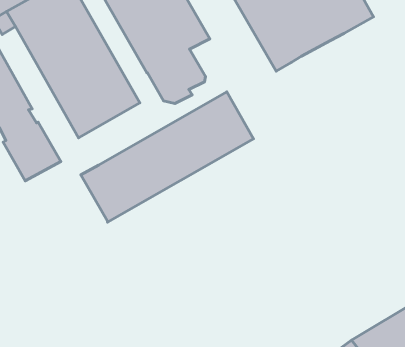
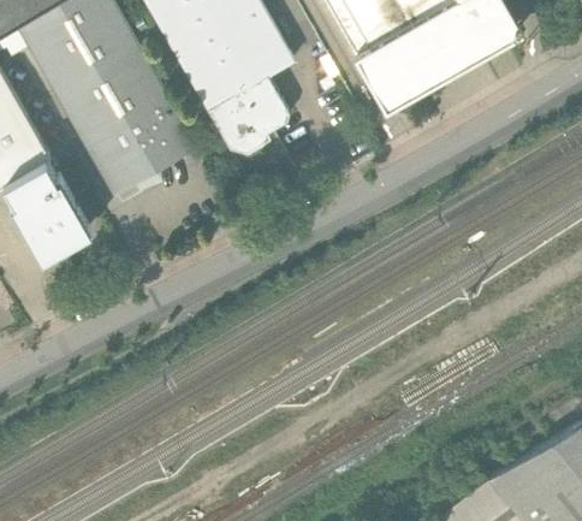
building: [81,92,254,222] -> none

